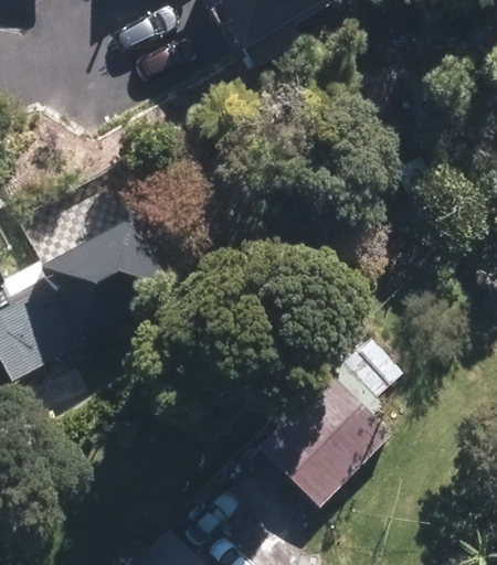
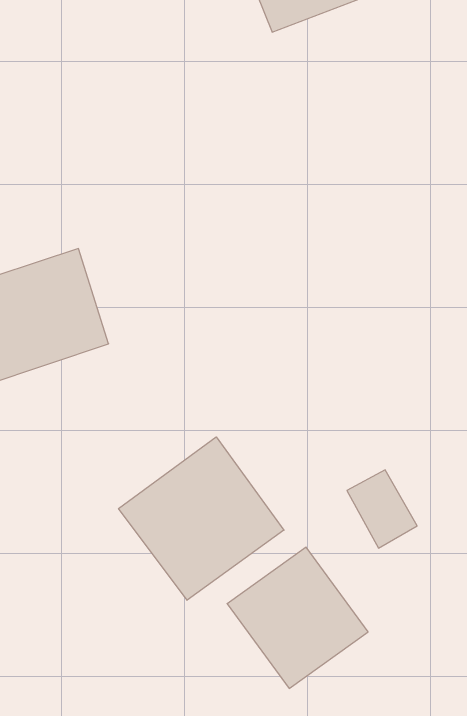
building: none -> [119,437,284,600]

